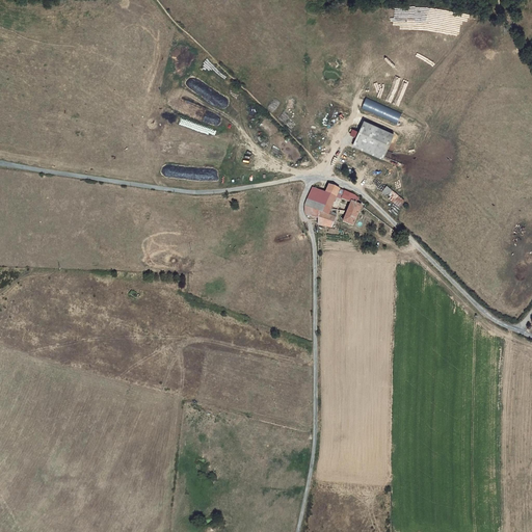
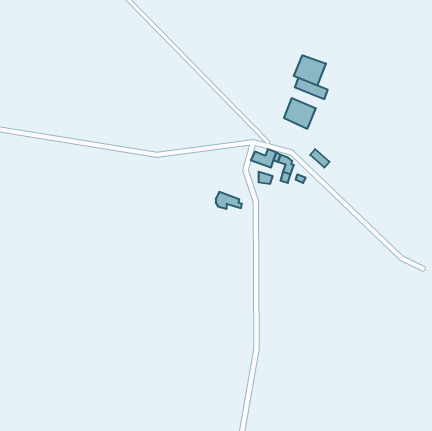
building: none -> [294,55,326,85]
building: [304,196,337,217] -> [216,192,242,209]

